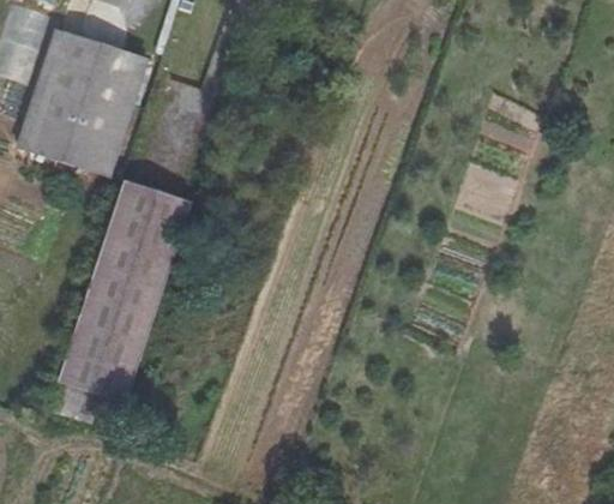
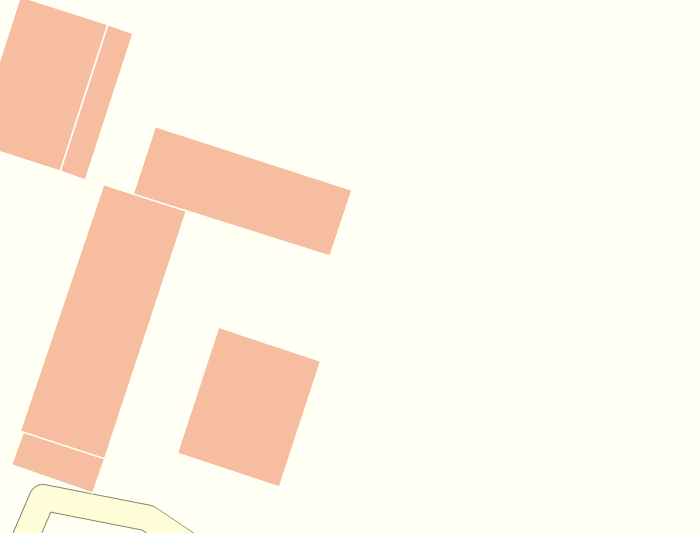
building: none -> [133,126,352,256]
building: none -> [177,327,321,487]

